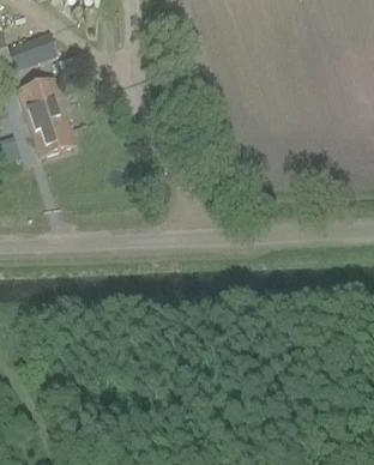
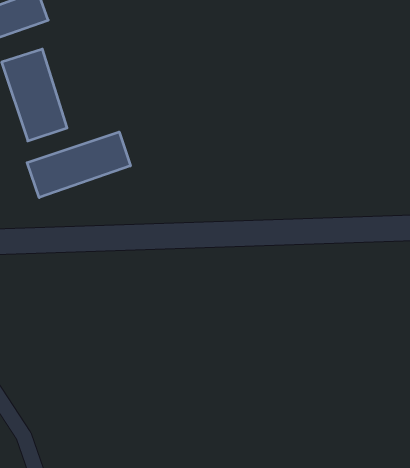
building: none -> [27,132,130,198]

